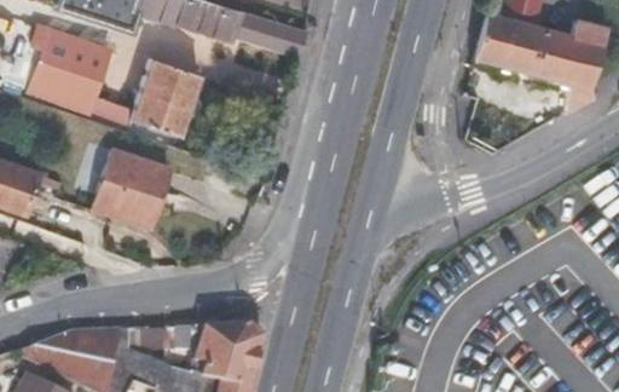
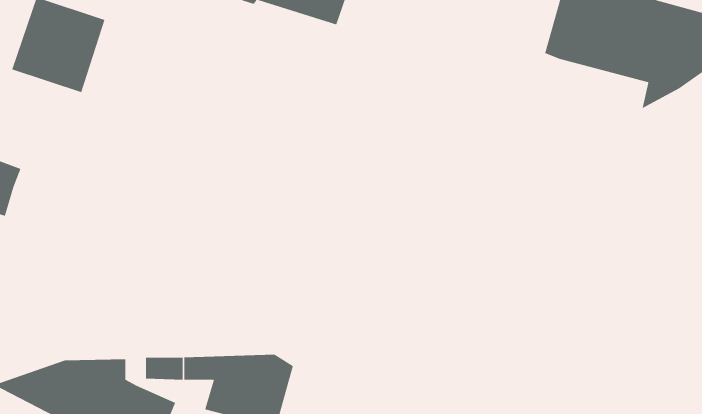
building: [133,60,201,137] -> none
building: [93,148,169,226] -> none

